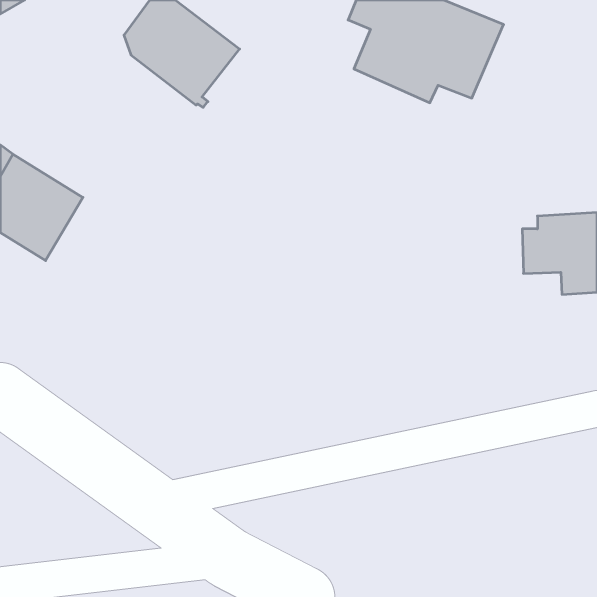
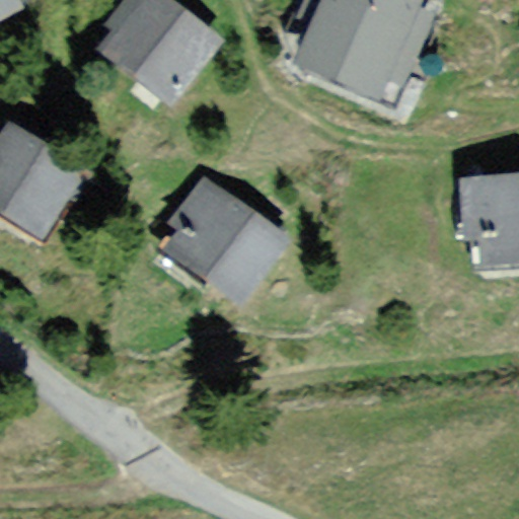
building: none -> [175,187,278,295]

